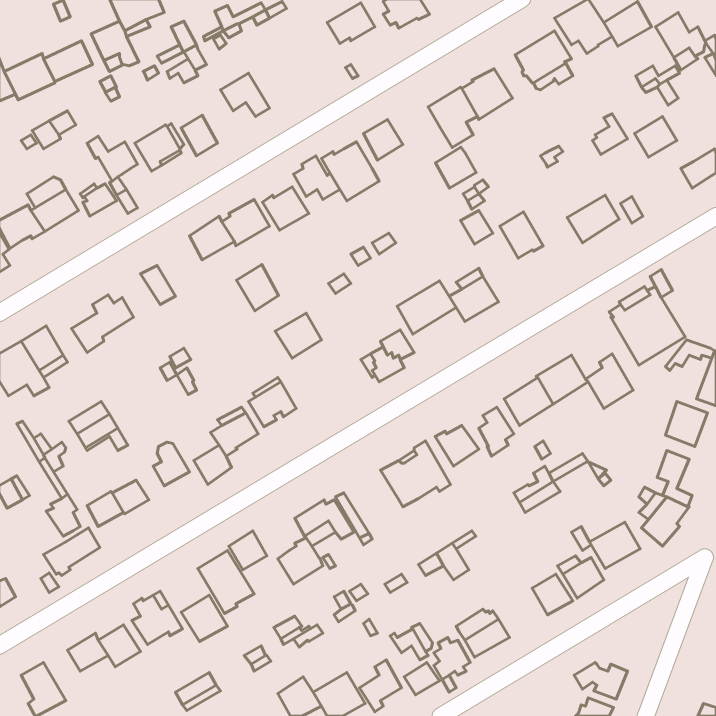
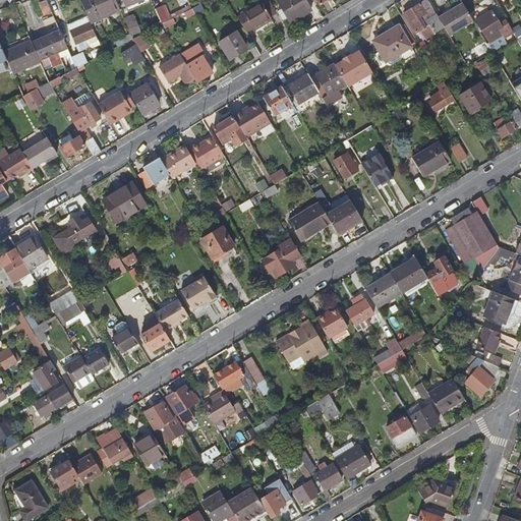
building: none -> [219,31,247,59]
building: none -> [180,43,213,80]
building: [436,147,476,188] -> [289,73,319,103]
building: [236,265,279,311] -> [114,181,144,215]

